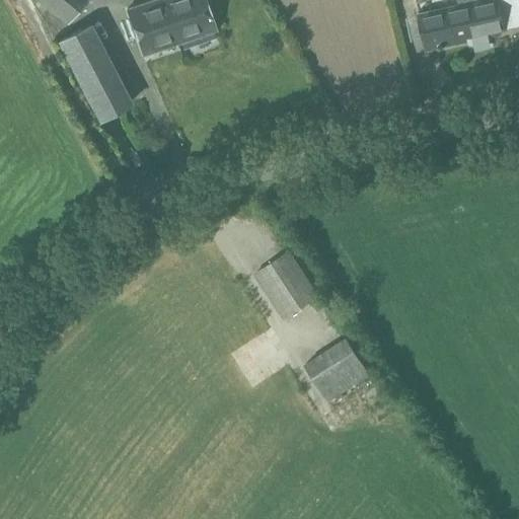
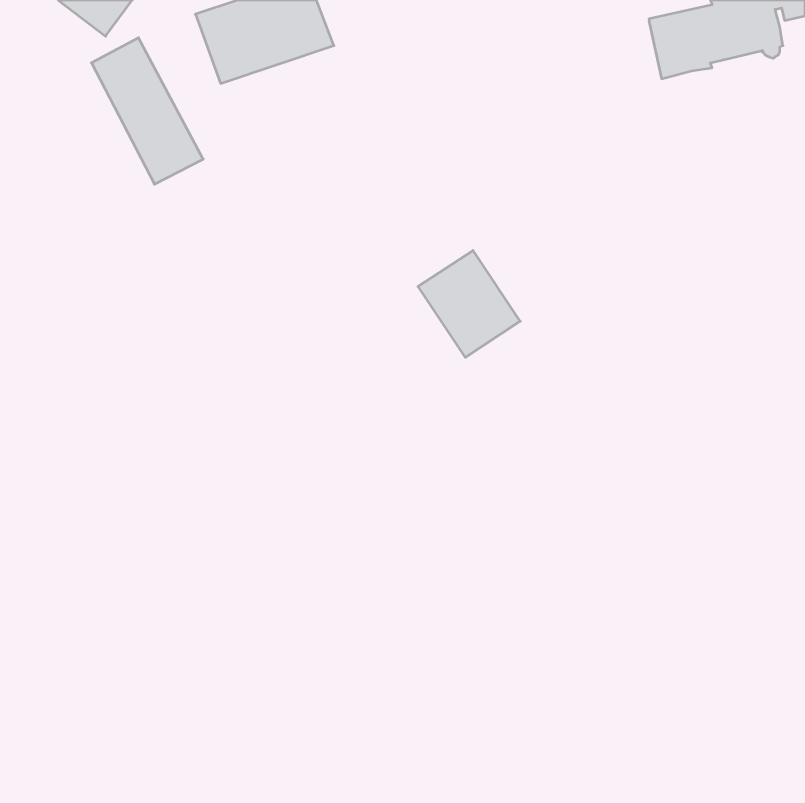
building: [253,250,319,319] -> [418,250,520,357]
building: [305,338,368,400] -> none

